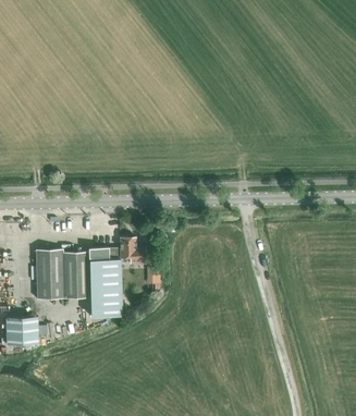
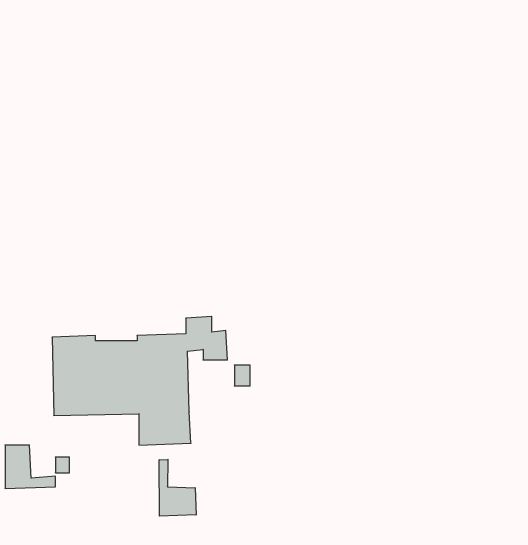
building: none -> [159,459,196,516]

